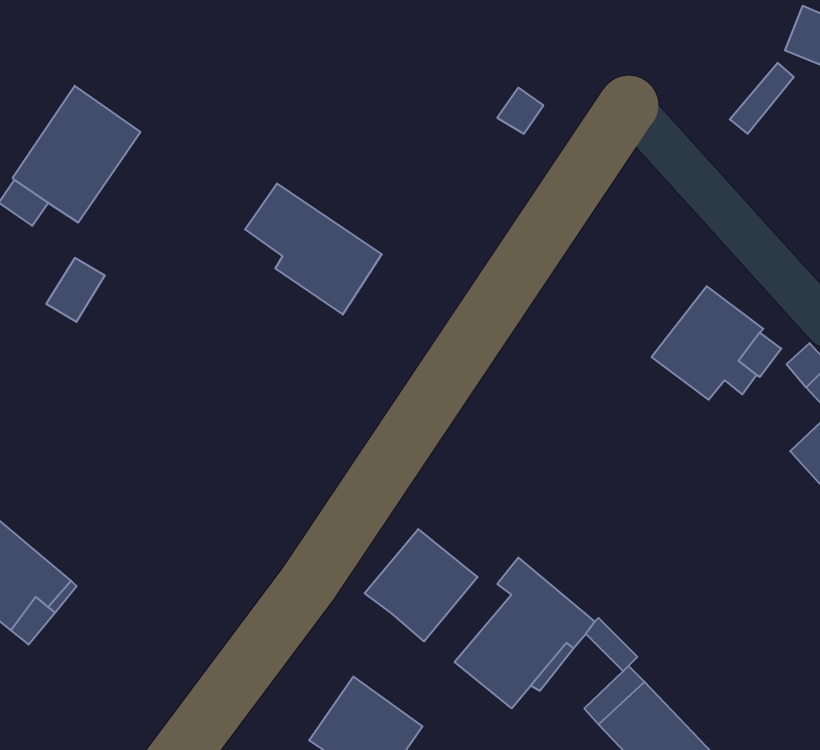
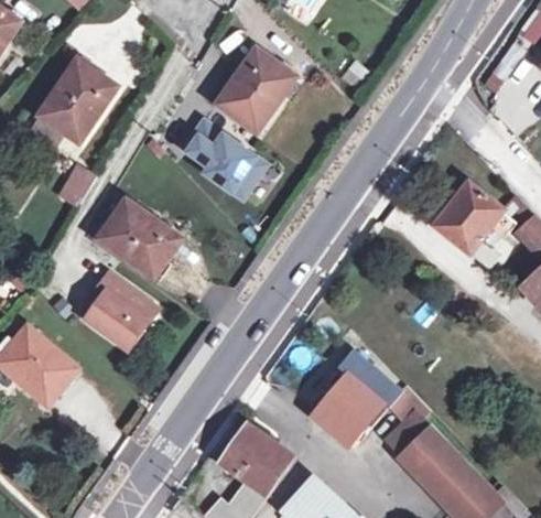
building: none -> [216,47,295,132]
building: none -> [97,198,182,278]
building: none -> [85,272,156,348]
building: [365,529,478,641] -> none

